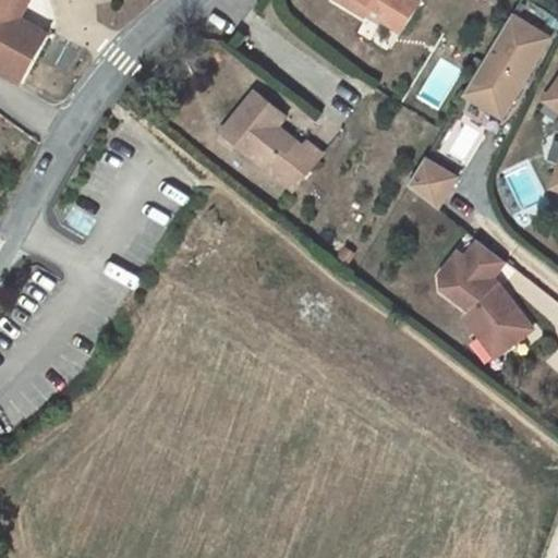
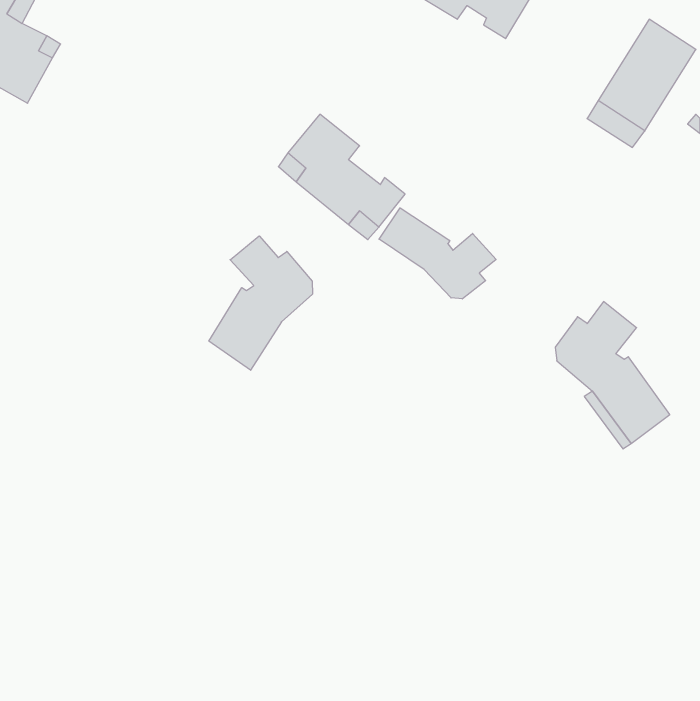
building: [407,158,454,207] -> none
building: none -> [379,208,496,299]
building: none -> [209,236,313,370]

